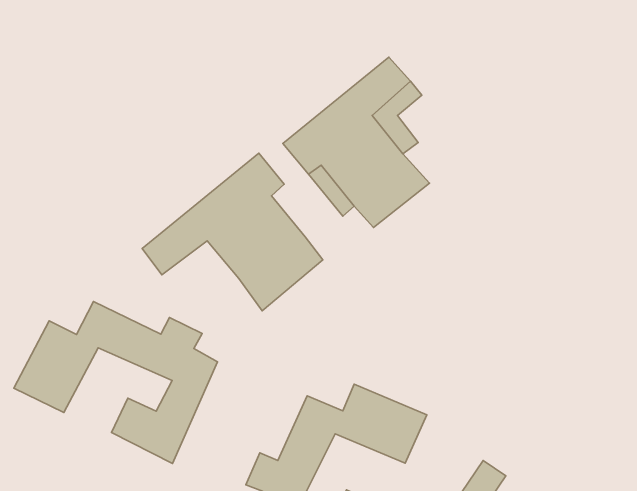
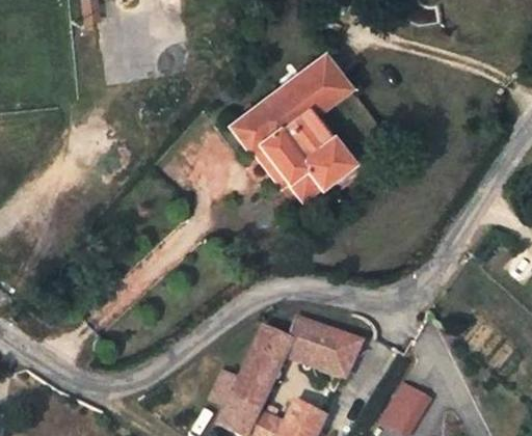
building: [142,153,323,311] -> none
building: [14,301,217,463] -> none

